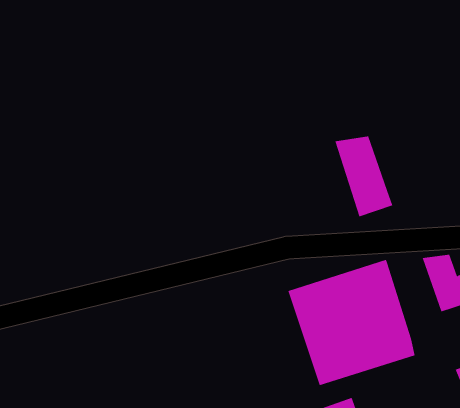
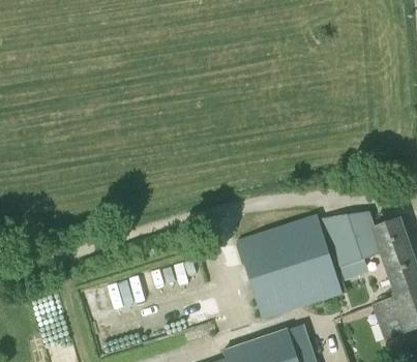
building: [335,136,393,217] -> [320,213,367,279]

